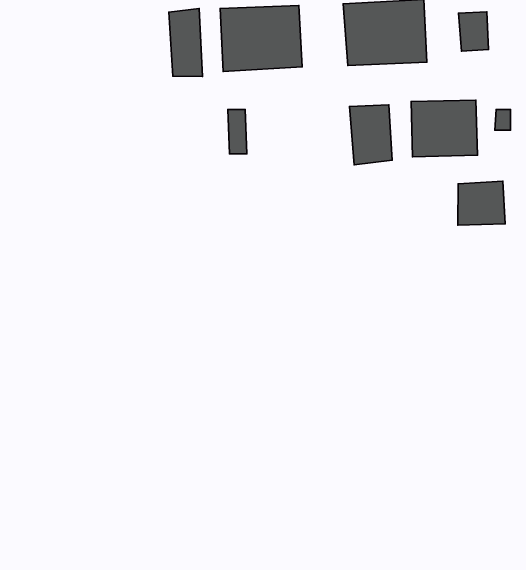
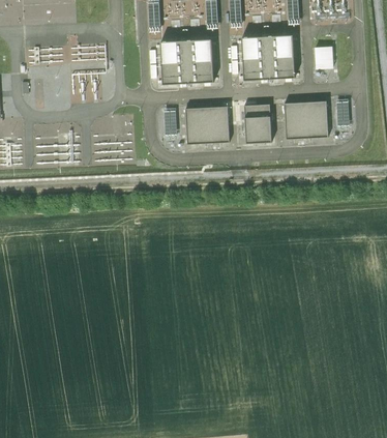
building: [169,9,203,77] -> none
building: none -> [185,105,228,142]
building: [458,181,505,225] -> none

